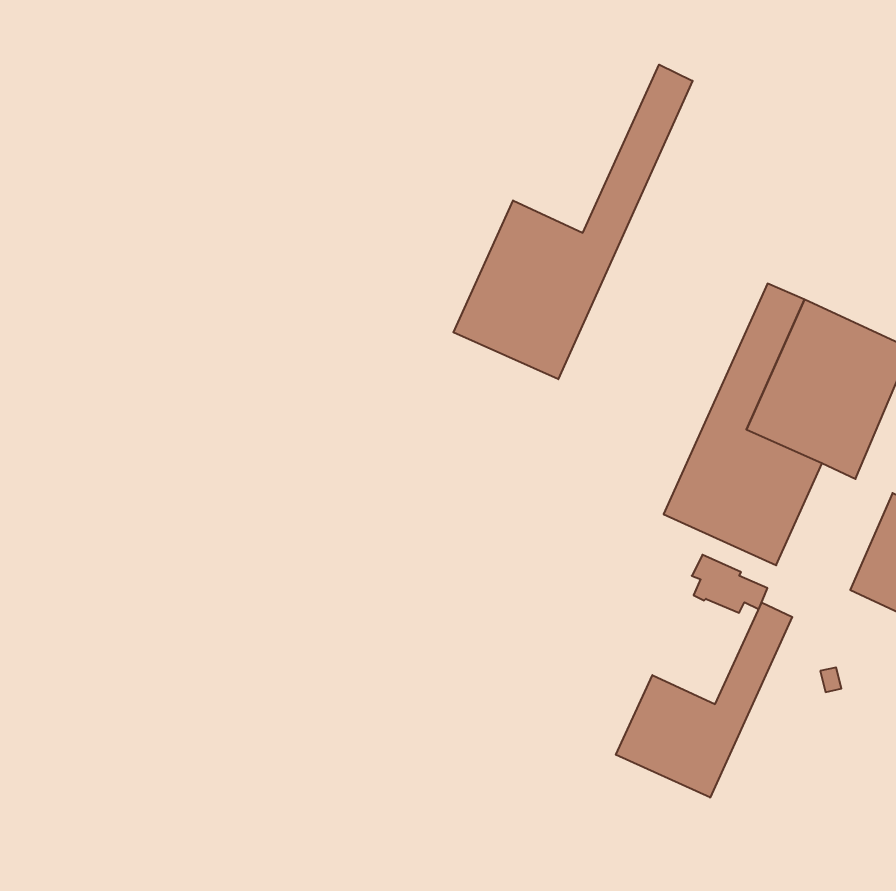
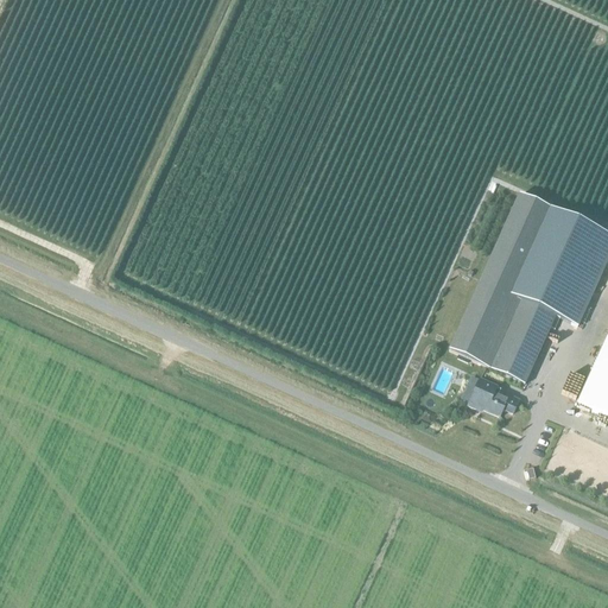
building: [453,65,693,379] -> none
building: [616,602,792,798] -> none

